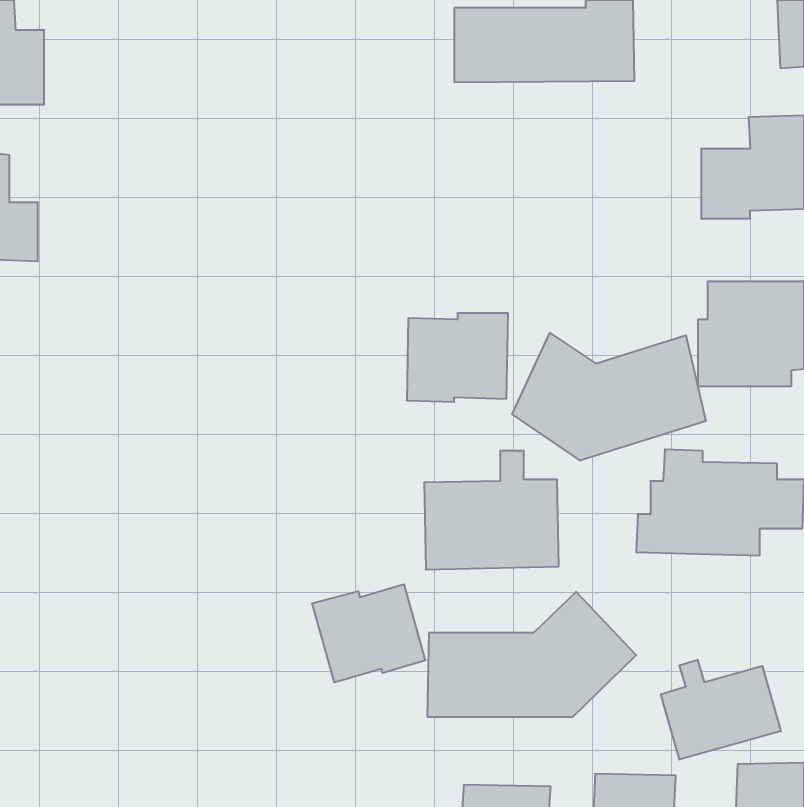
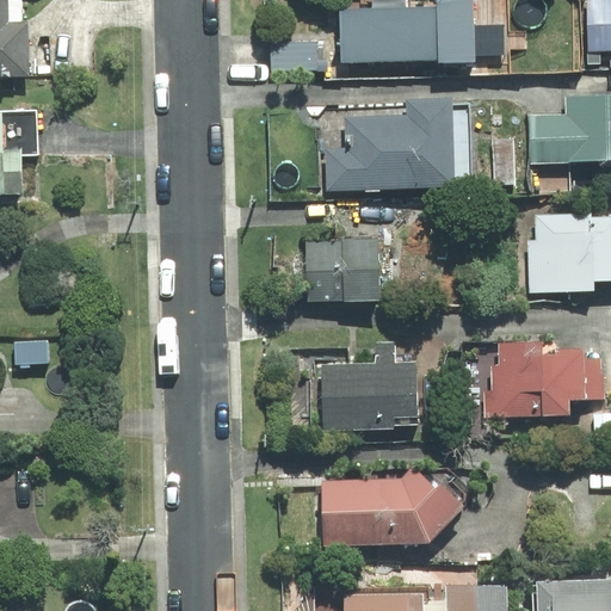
building: none -> [326,97,457,190]
building: [512,333,706,461] -> none
building: [312,584,425,682] -> none
building: [661,660,781,760] -> none

